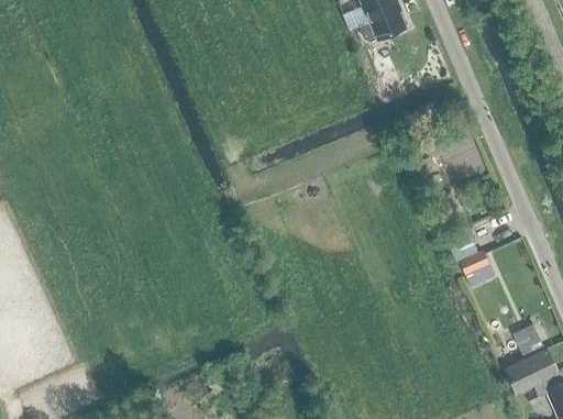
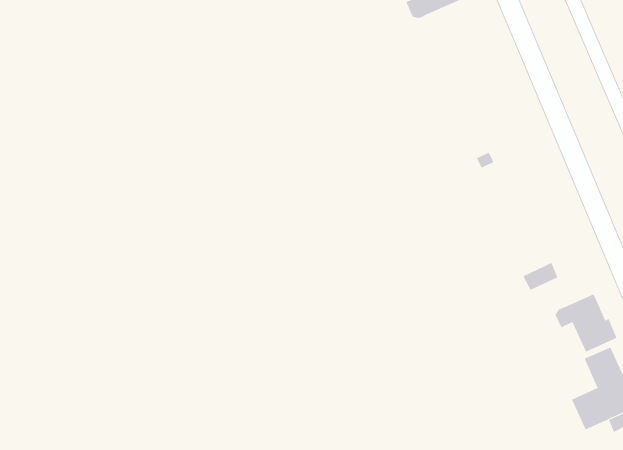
building: none -> [555,294,617,352]

